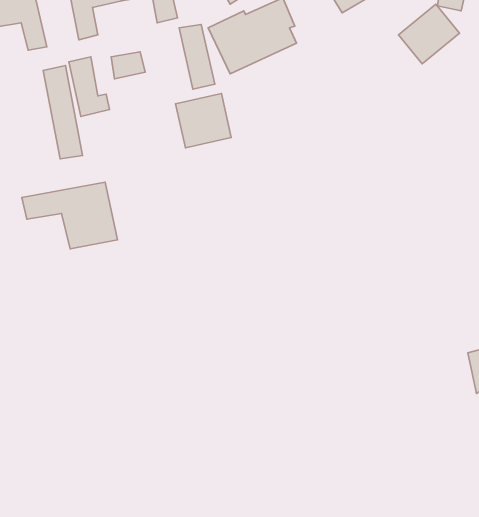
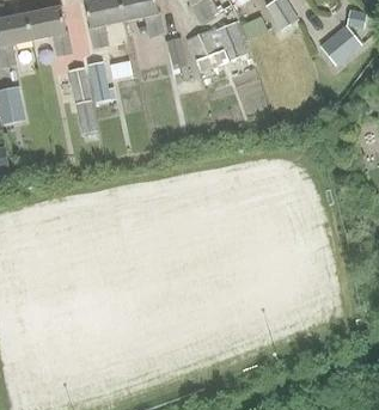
building: [176,94,231,148] -> none
building: [22,182,117,249] -> none

